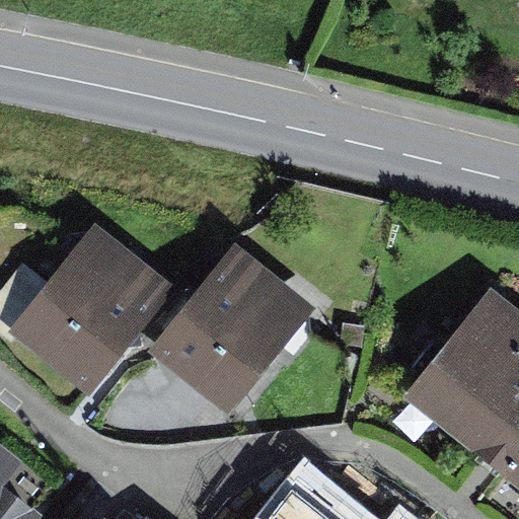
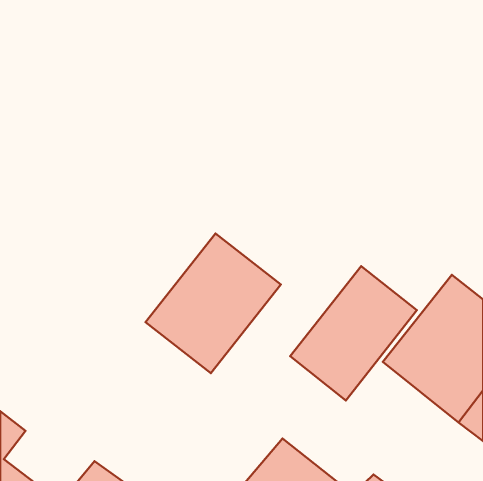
building: [17,229,166,383] -> none
building: none -> [290,266,417,400]

